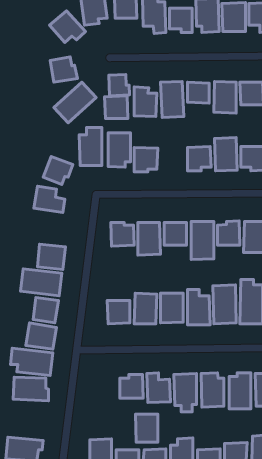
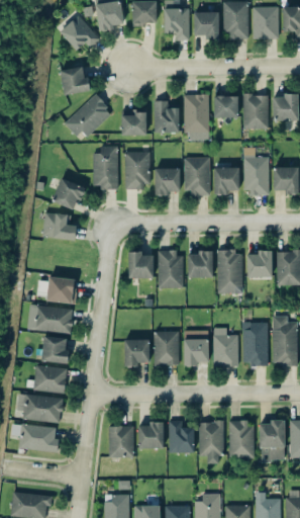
building: [109,75,130,96] -> none
building: none -> [184,157,210,194]
building: [135,414,158,442] -> [108,426,133,457]

